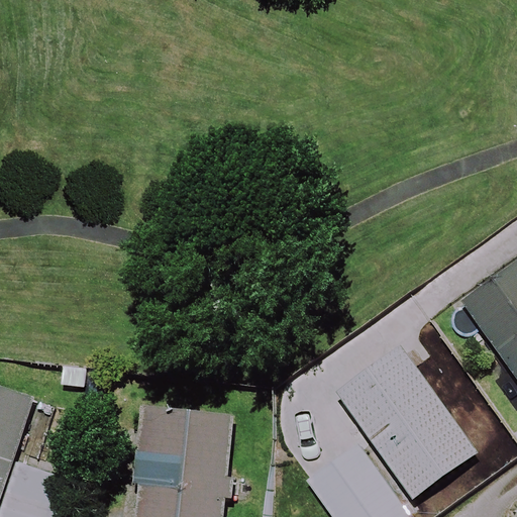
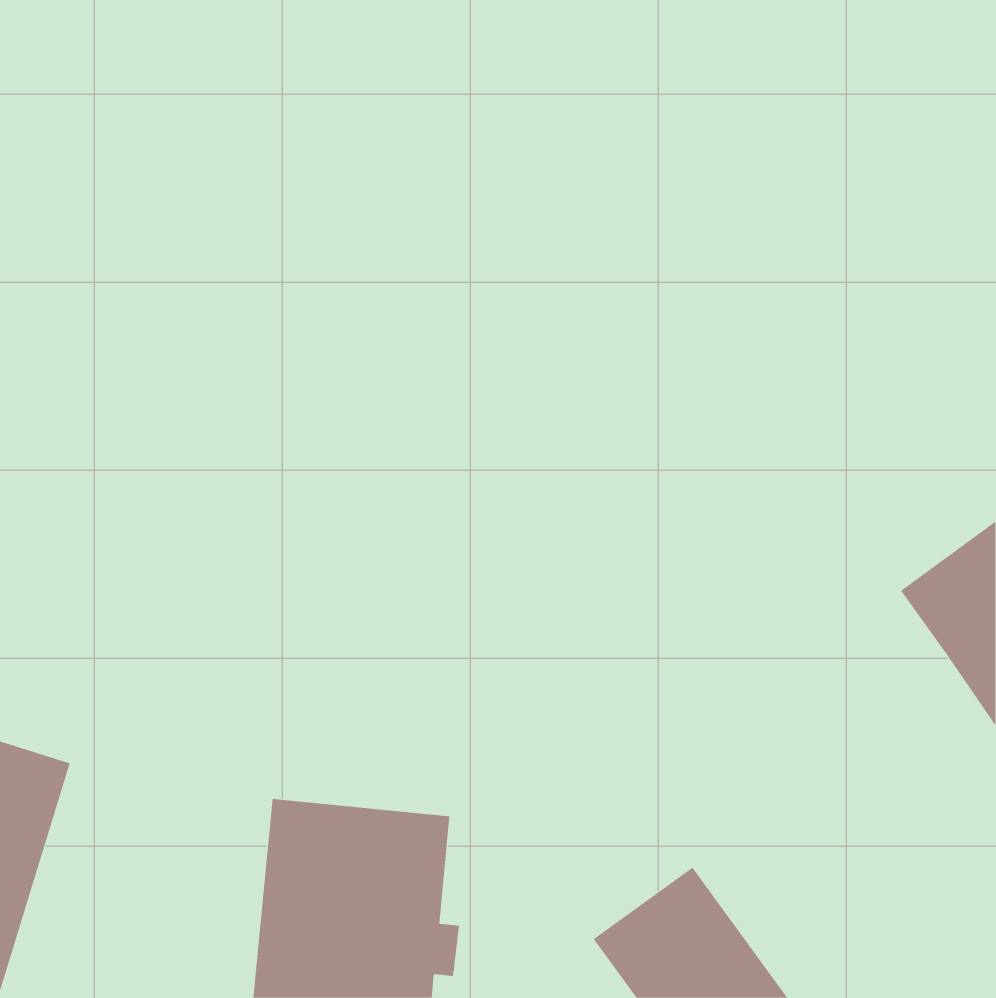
building: [339,349,478,500] -> none

